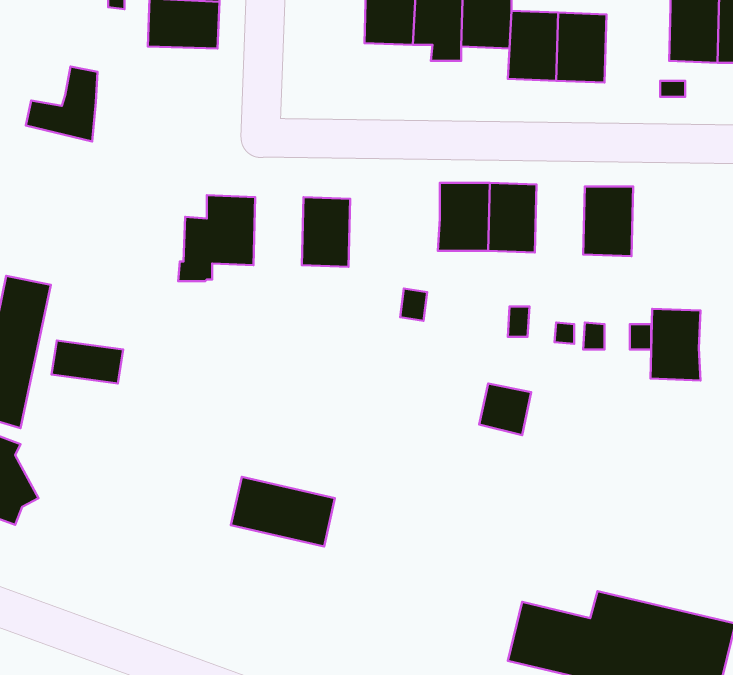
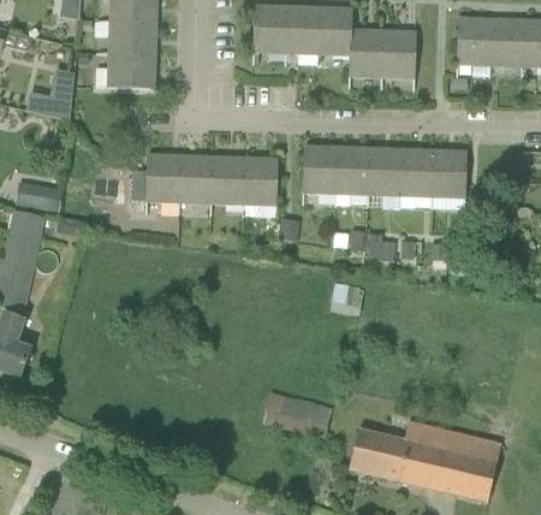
building: none -> [107,54,155,89]
building: none -> [368,147,402,194]
building: none -> [179,155,213,201]
building: none -> [243,156,278,203]
building: [650,309,701,380] -> [433,148,466,196]
building: [52,341,123,384] -> [16,180,64,209]
building: [231,477,335,547] -> [263,389,333,436]

